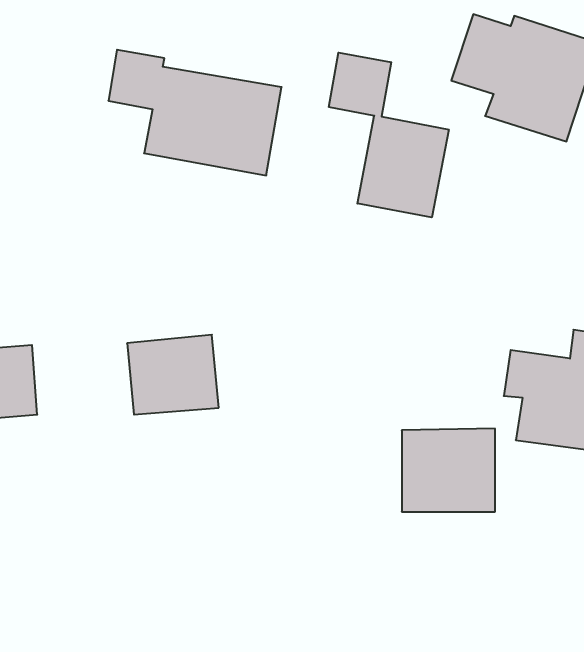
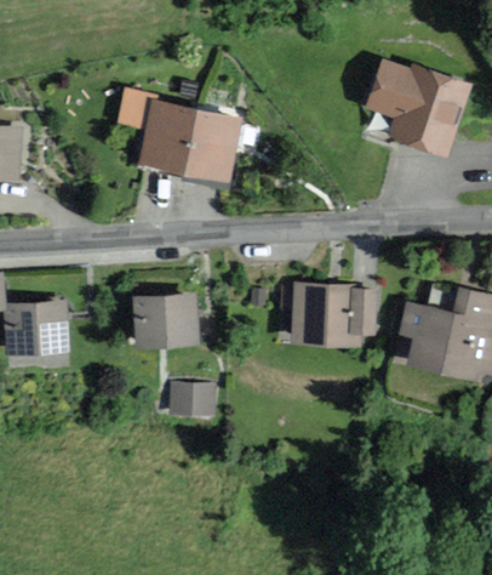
building: [329,53,449,217] -> none
building: [402,429,495,512] -> [293,281,360,341]
building: none -> [176,383,214,412]

